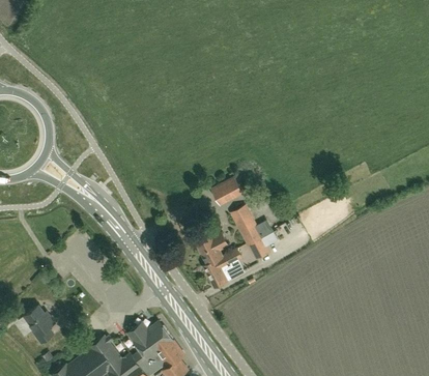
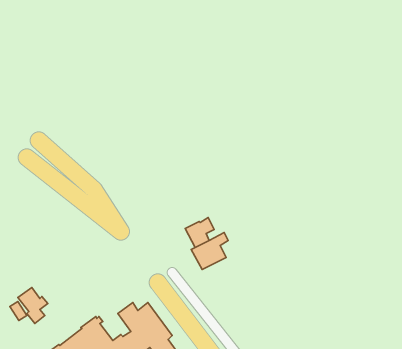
building: [211,178,241,204] -> none
building: [231,205,278,260] -> none

